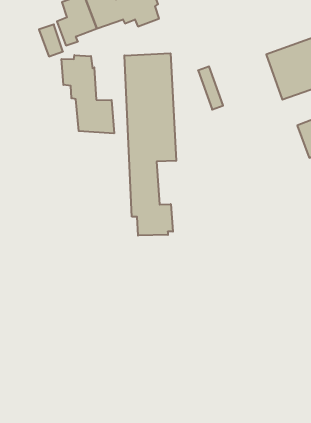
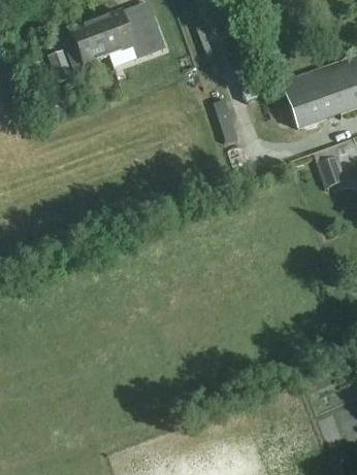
building: [124,53,176,236] -> none
building: [62,55,114,133] -> none

